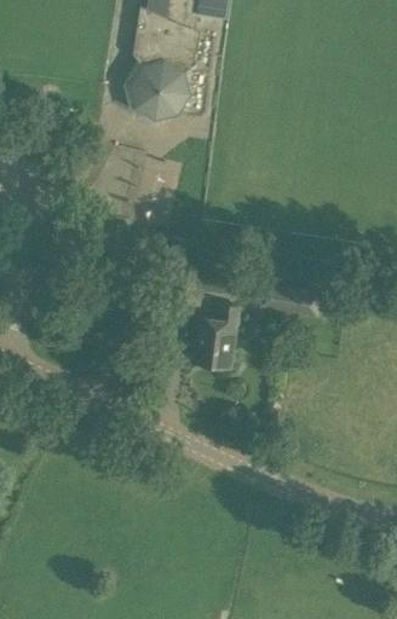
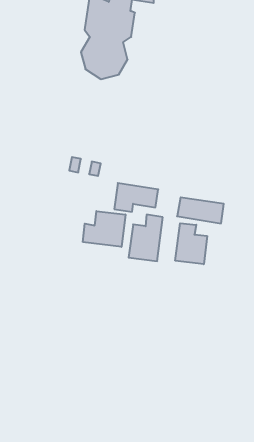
building: none -> [83,211,125,247]
building: none -> [175,223,207,264]

